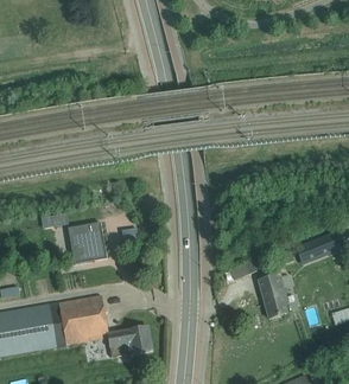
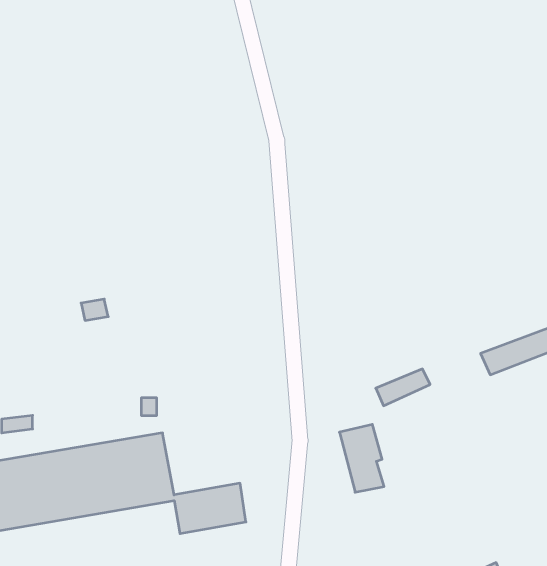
building: [68,222,107,263] -> none
building: [259,275,286,316] -> [339,424,384,492]

